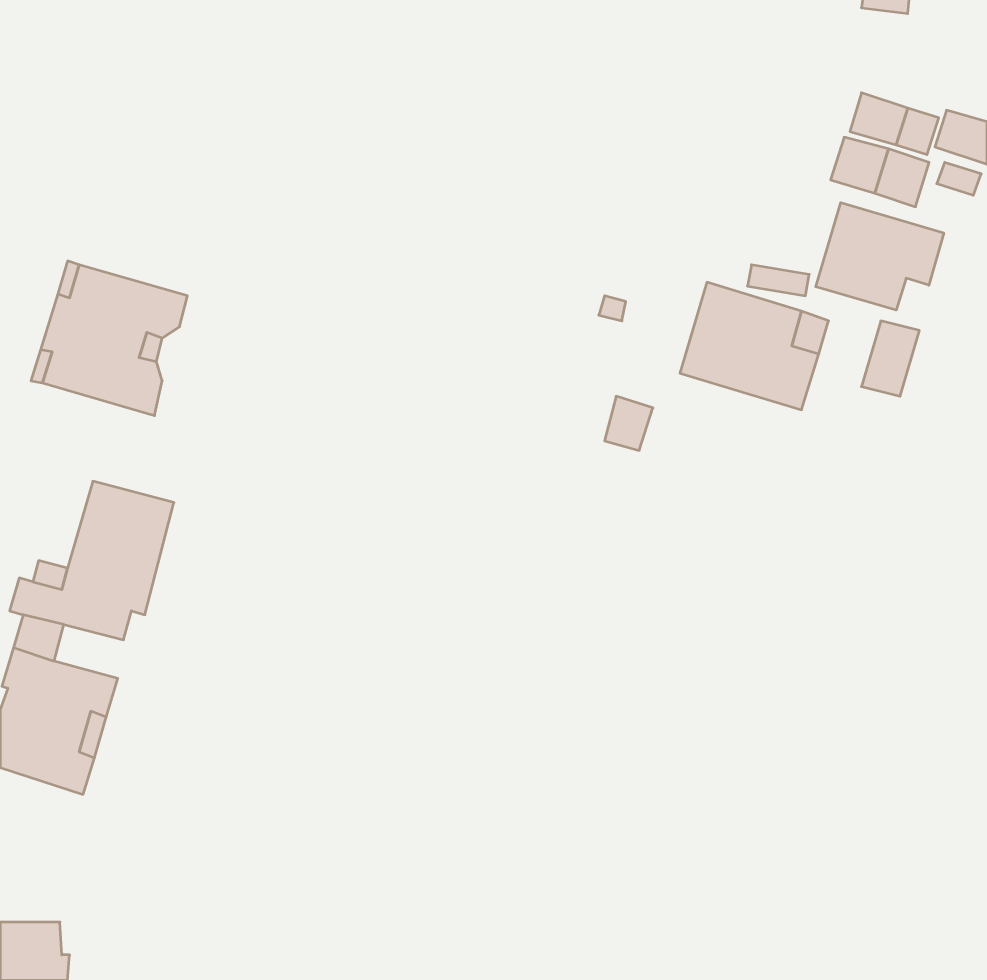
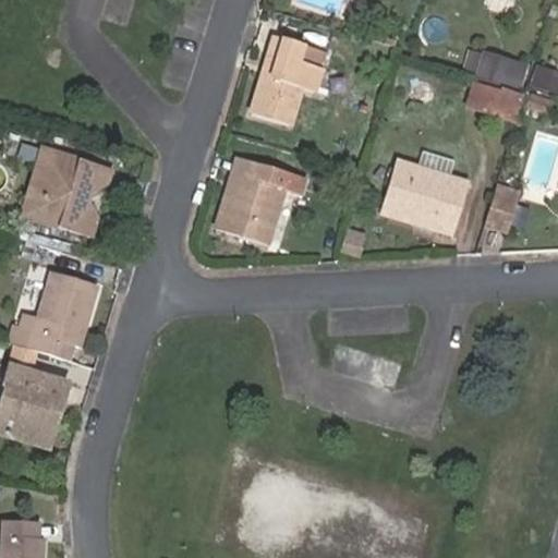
building: none -> [253,35,323,122]
building: [816,203,944,310] -> none
building: none -> [218,157,307,242]

